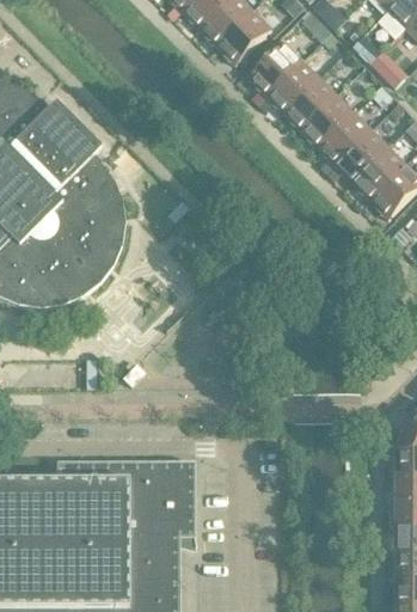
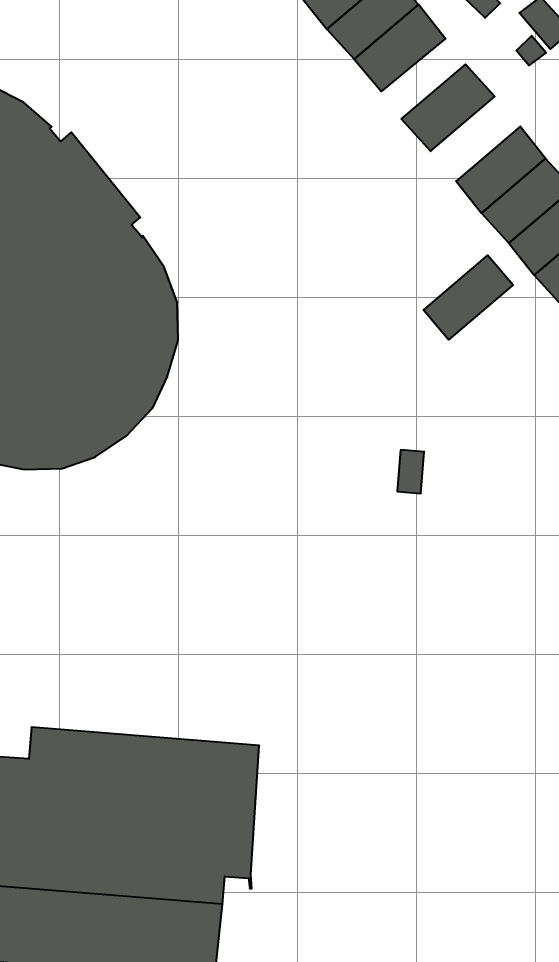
building: [268,61,320,114] -> [423,255,513,340]

